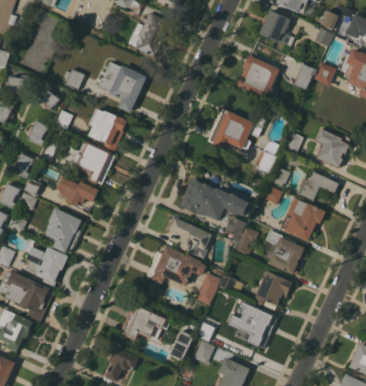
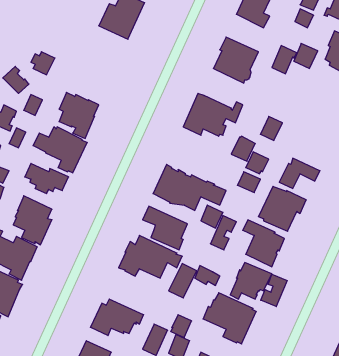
building: [99,62,147,113] -> none
building: [314,128,350,168] -> none
building: none -> [261,274,287,307]

